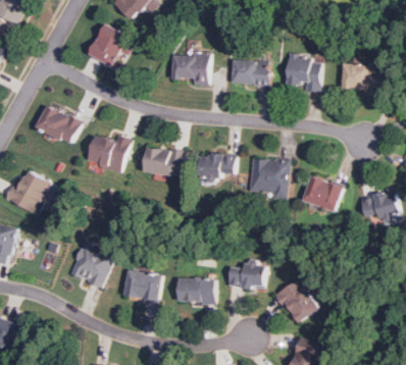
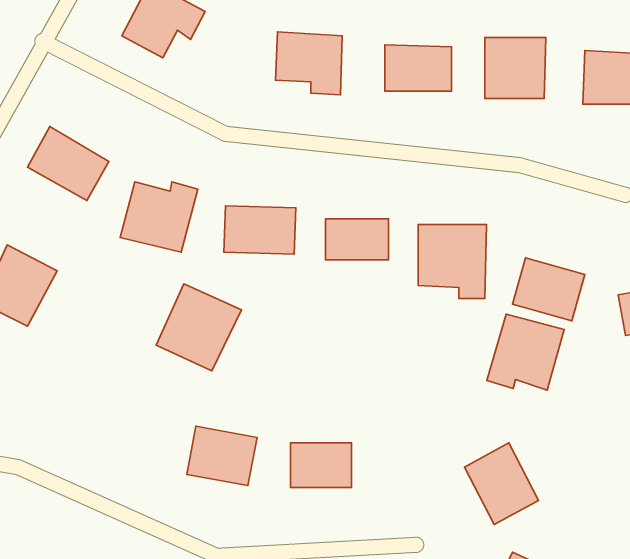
building: none -> [487,314,564,390]
building: [68,240,115,288] -> [156,284,241,371]
building: [227,262,263,289] -> none

